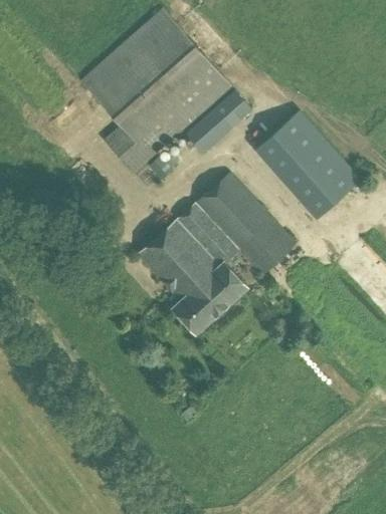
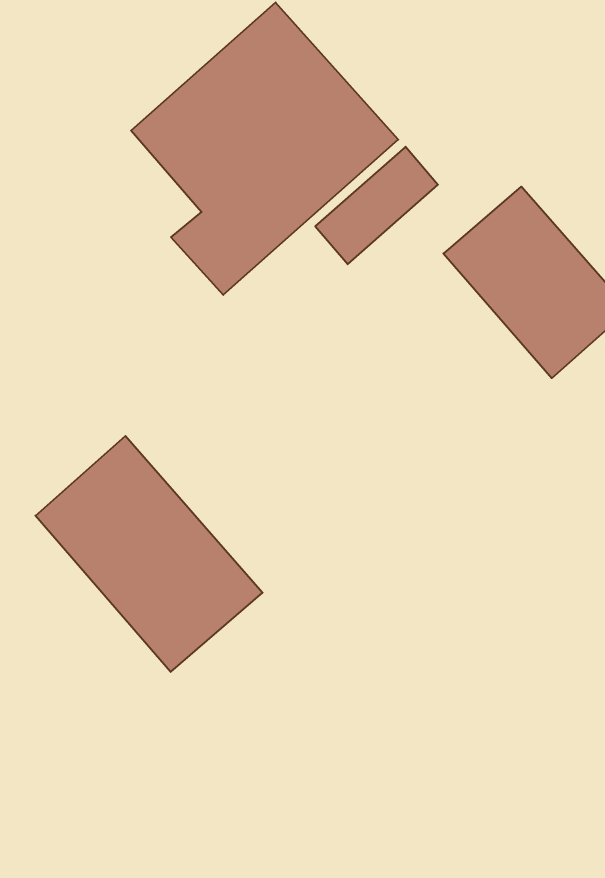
building: [138,174,296,333] -> none
building: none -> [35,436,263,672]

